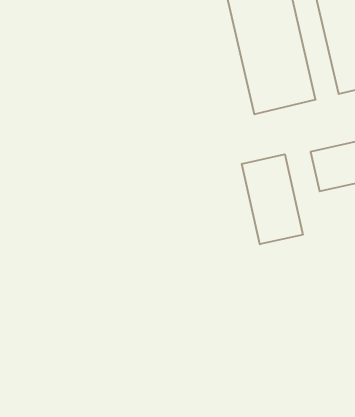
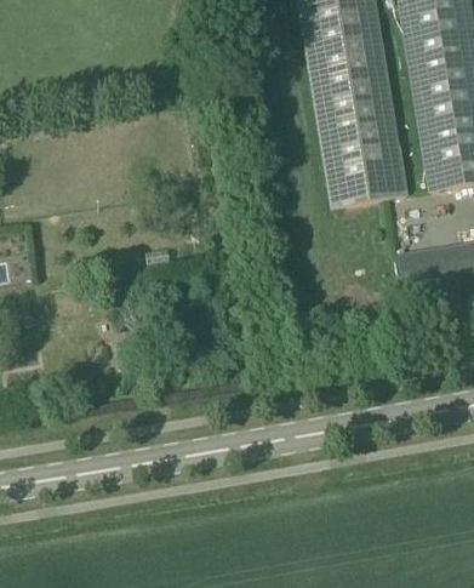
building: [242,154,303,244] -> none

